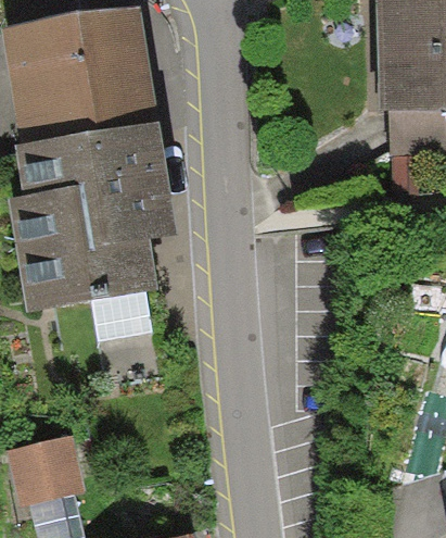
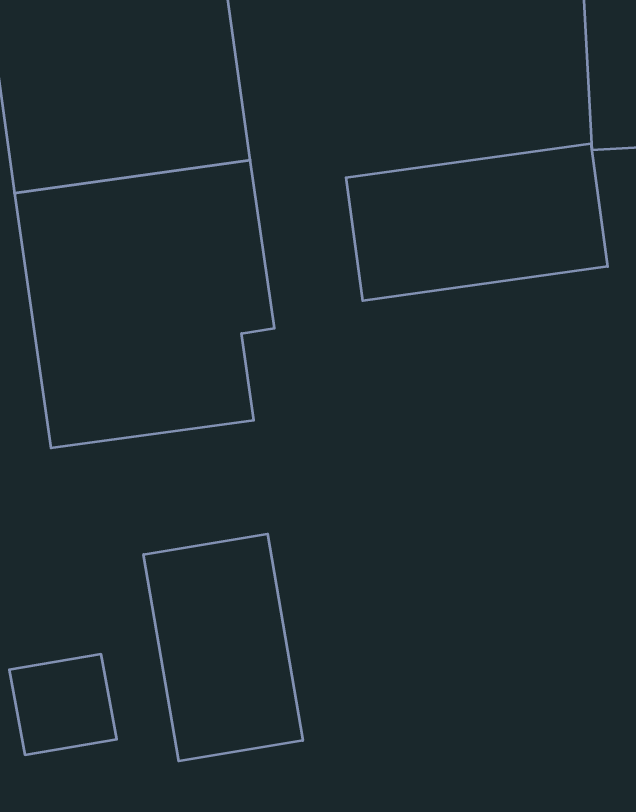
building: none -> [346,143,608,301]
building: none -> [144,534,303,761]

